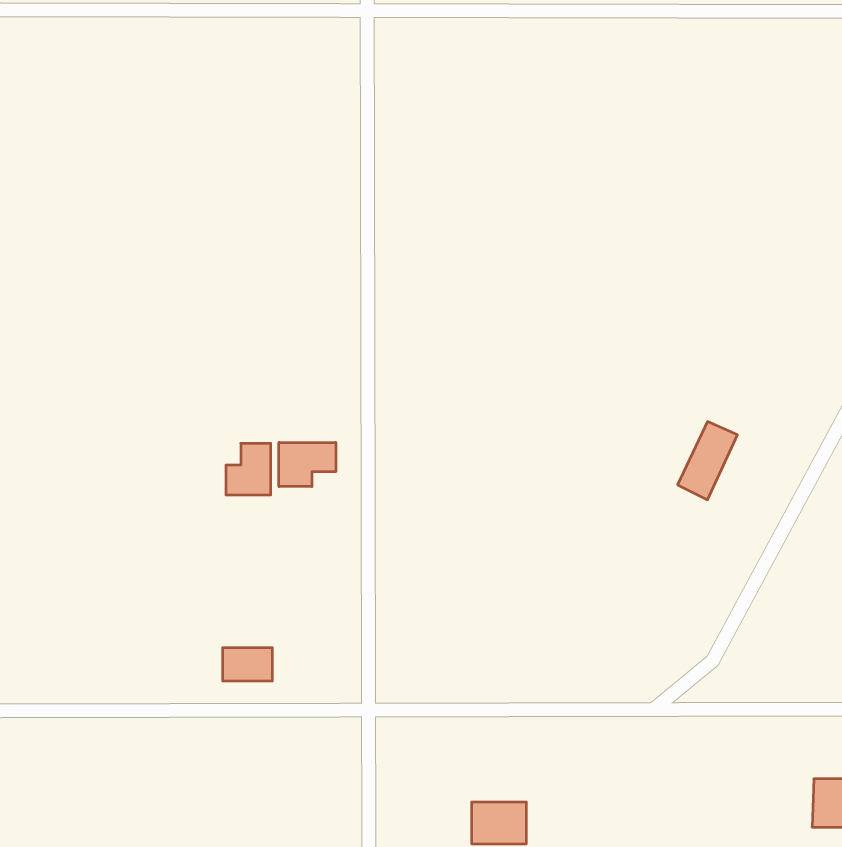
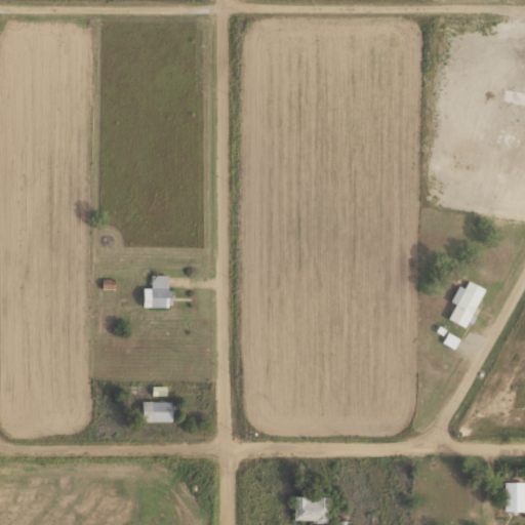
building: [678,422,737,500] -> [449,280,486,328]
building: [279,442,336,487] -> none

